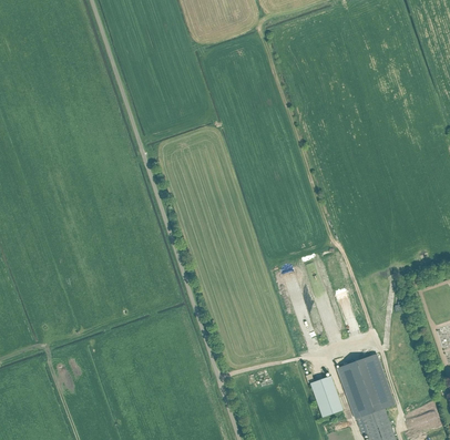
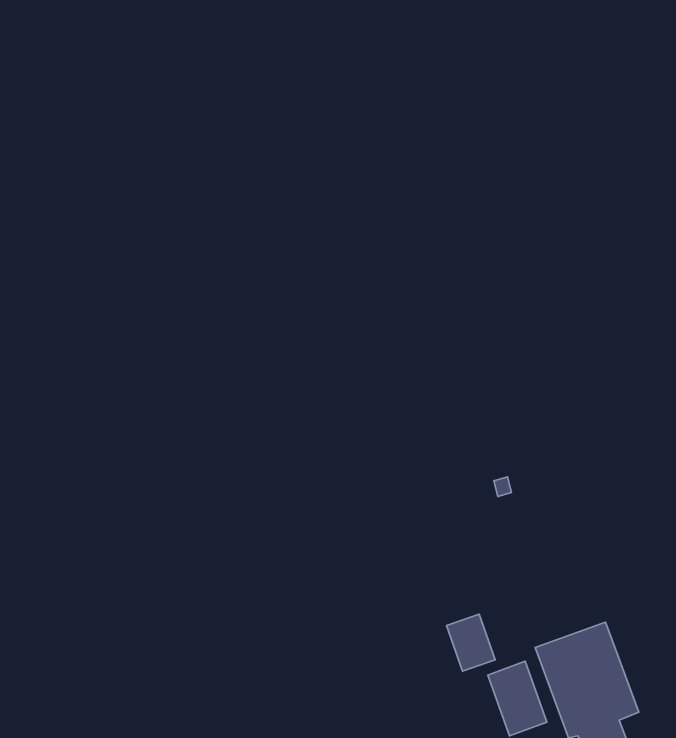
building: none -> [446,614,495,671]

